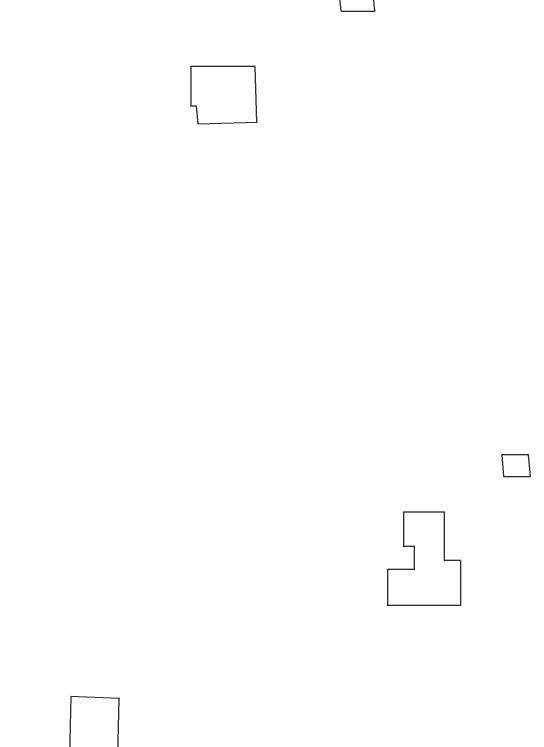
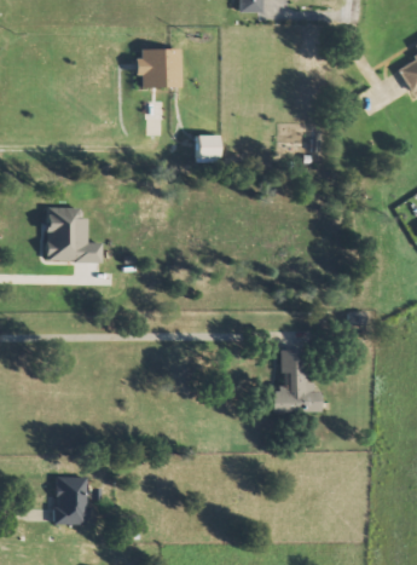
building: none -> [195,134,218,161]
building: none -> [44,207,100,263]

